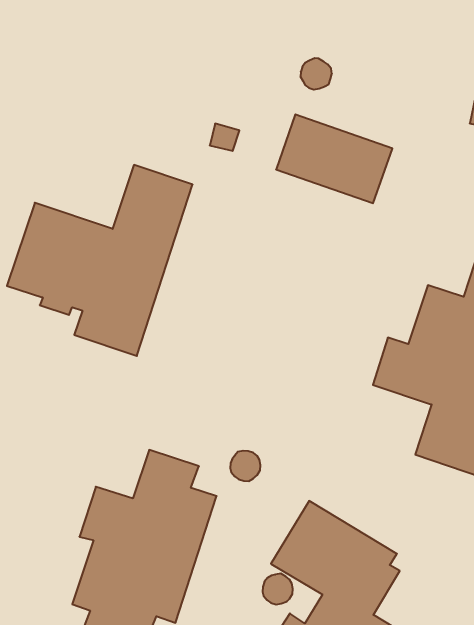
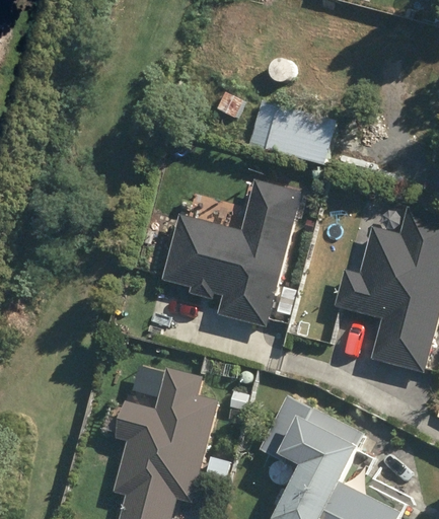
building: [7,165,193,356] -> [161,179,300,327]

